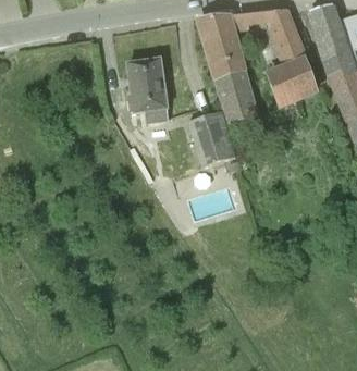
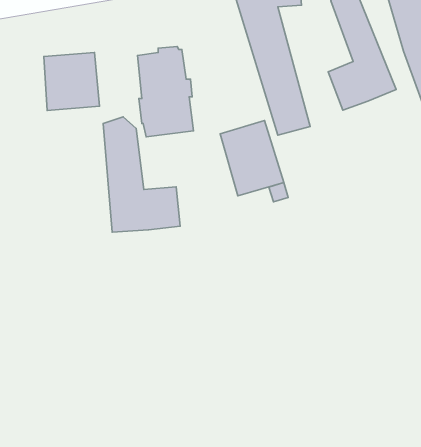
building: none -> [44,53,99,110]
building: none -> [103,117,180,232]

